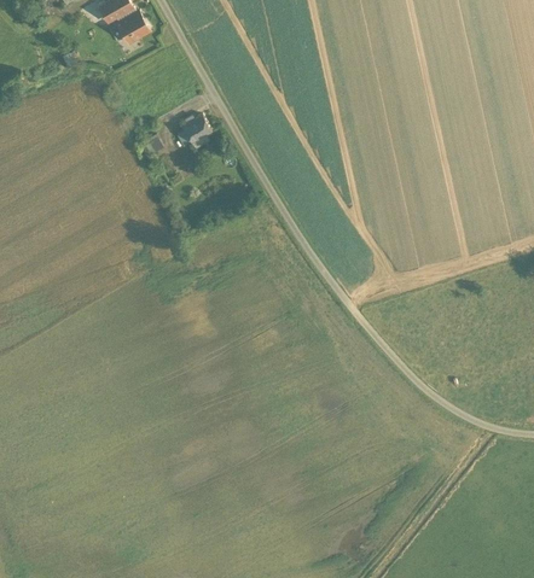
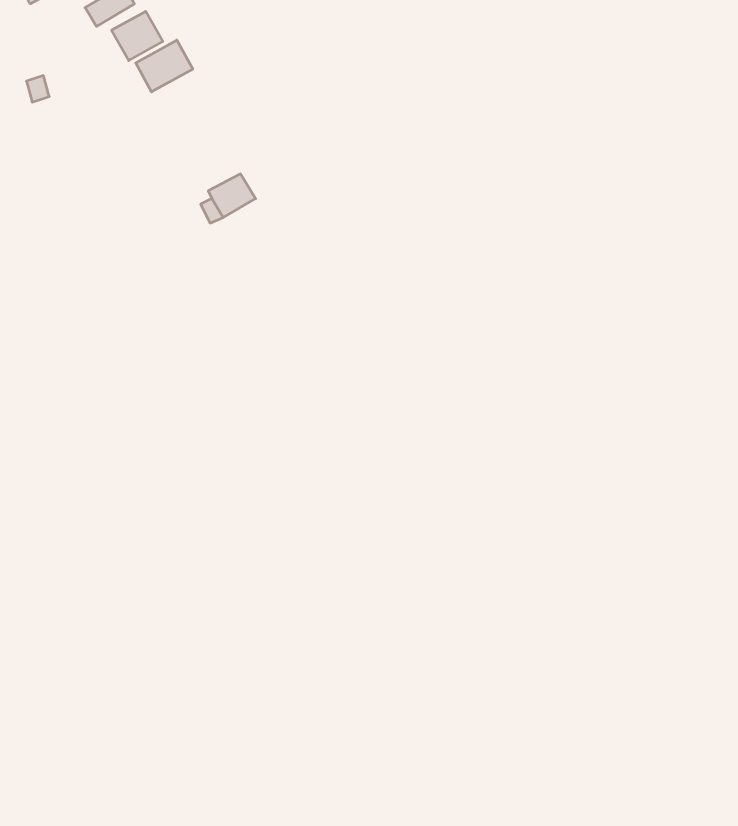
building: none -> [136,40,193,92]

